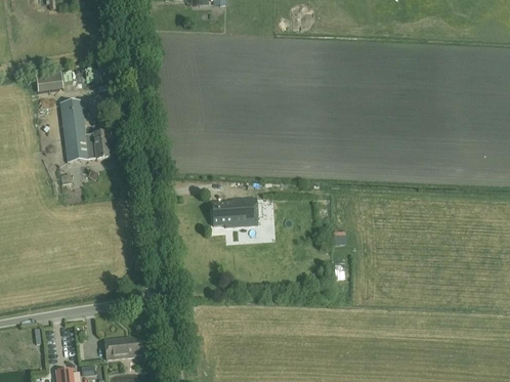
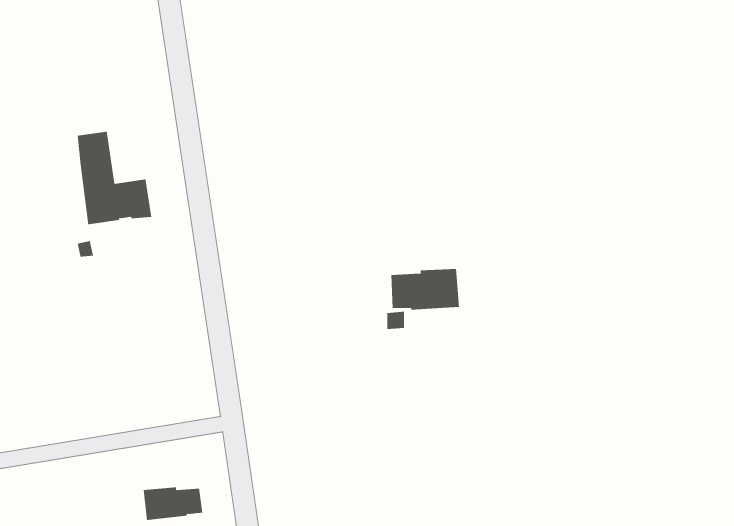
building: [36,74,62,93] -> none
building: [212,198,258,225] -> [390,269,460,310]

